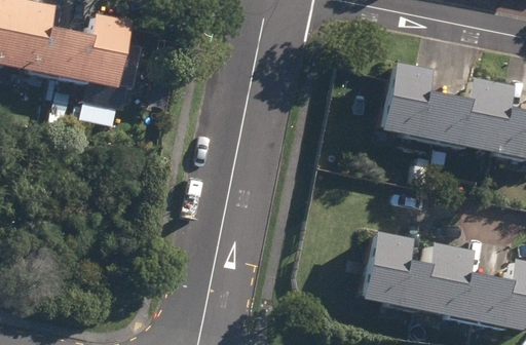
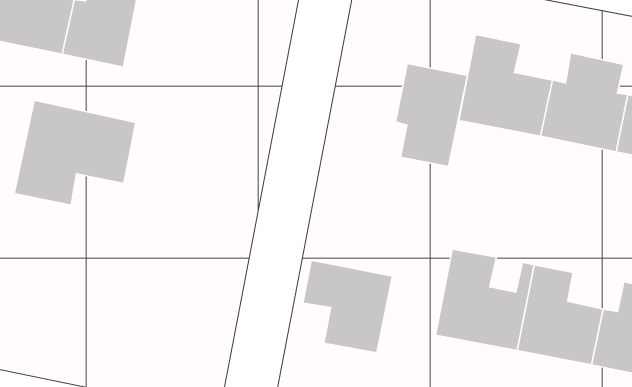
building: none -> [396,64,468,166]
building: none -> [14,100,136,205]
building: none -> [303,260,393,353]

